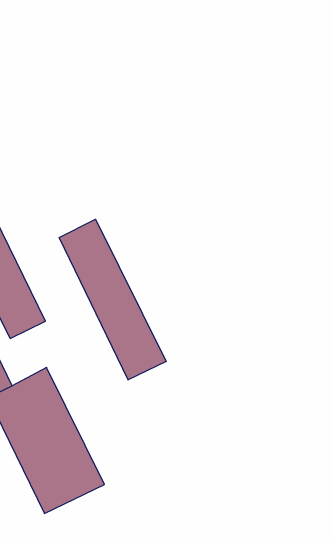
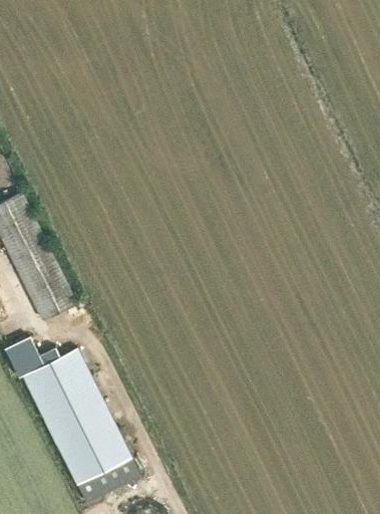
building: [59,219,166,380] -> none

